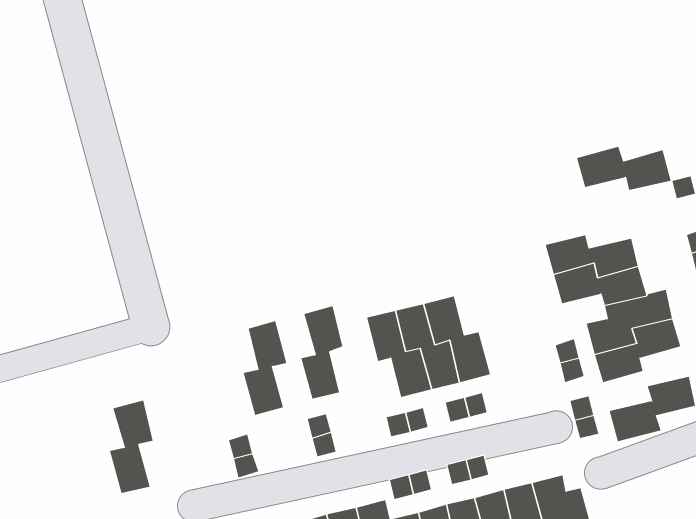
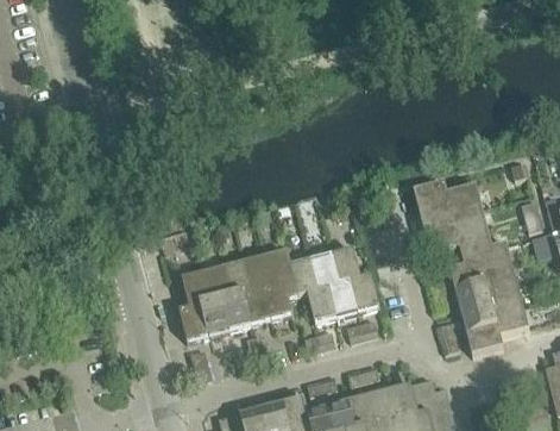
building: [576,146,671,191] -> [413,179,482,211]
building: none -> [263,248,297,316]
building: none -> [221,258,252,326]
building: none -> [460,282,523,329]
building: [109,400,154,494] -> [178,269,210,337]

